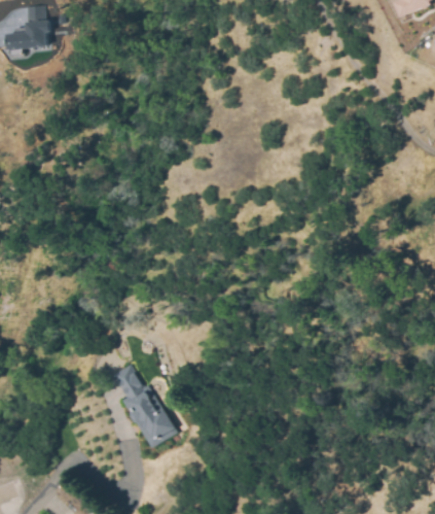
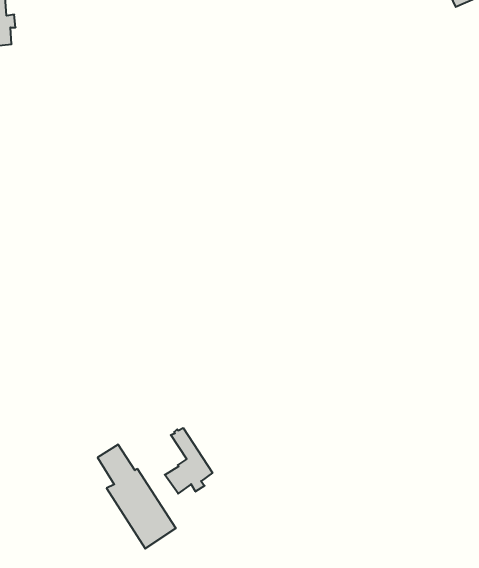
building: none -> [165,428,212,494]

